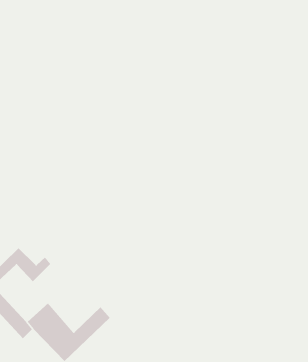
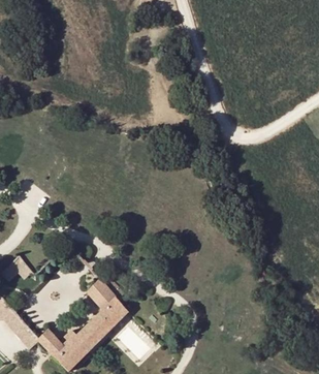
building: none -> [82,273,131,324]

